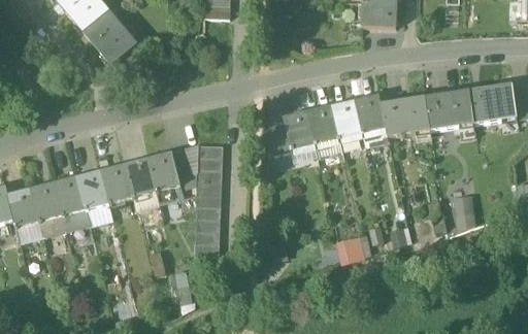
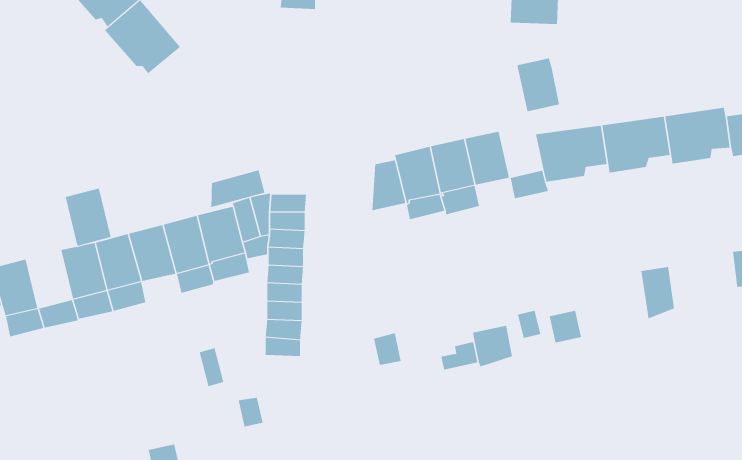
building: [355,95,385,132] -> [516,58,560,112]
building: none -> [211,169,265,208]
building: [30,181,62,222] -> [65,188,111,246]

